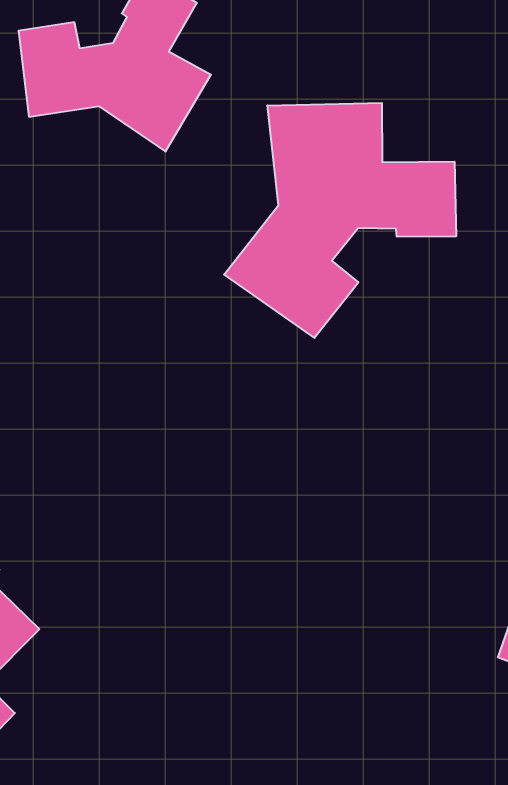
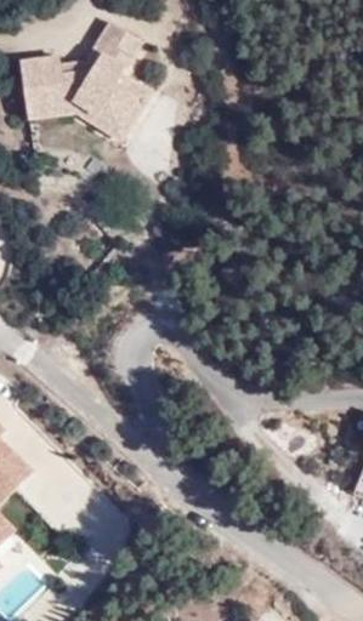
building: [224,103,456,338] -> none

